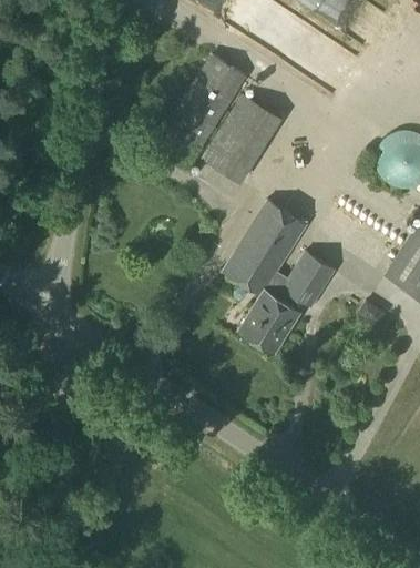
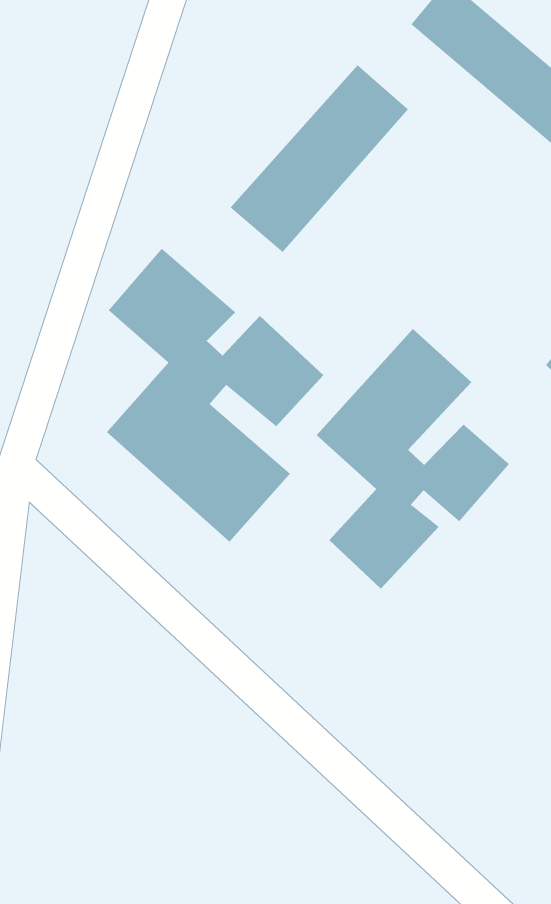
building: [201,93,281,183] -> none
building: none -> [106,248,324,543]

